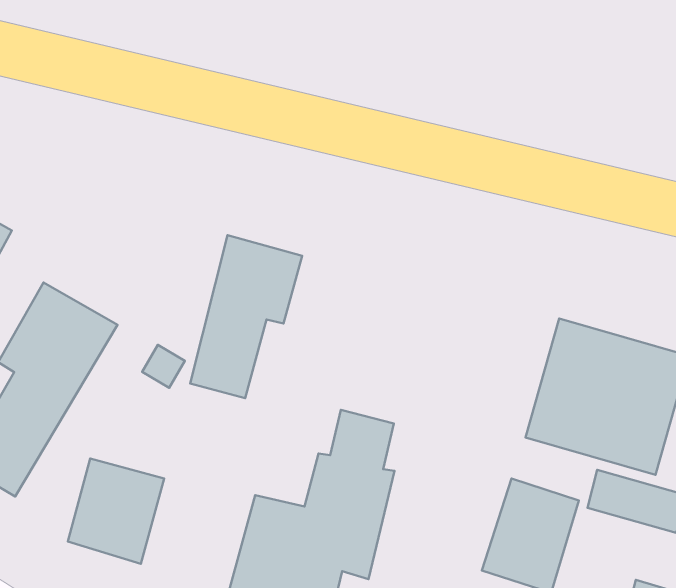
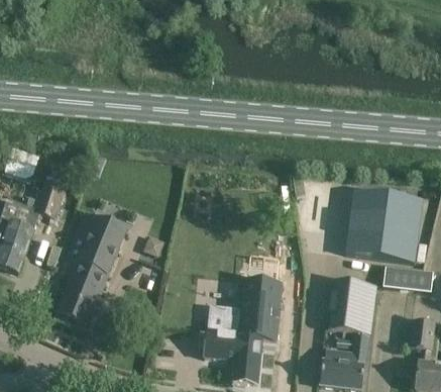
building: [190,235,302,398] -> none
building: [68,458,164,564] -> none

